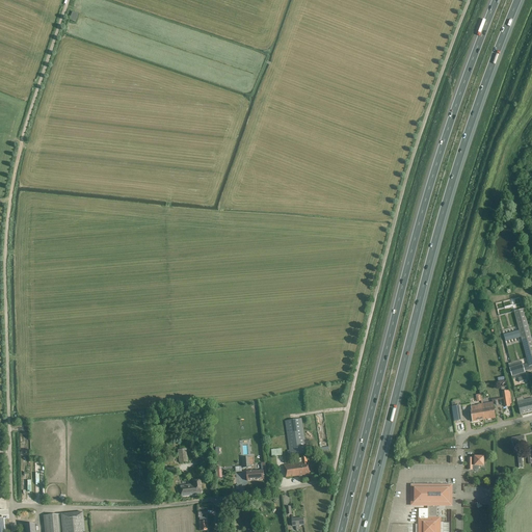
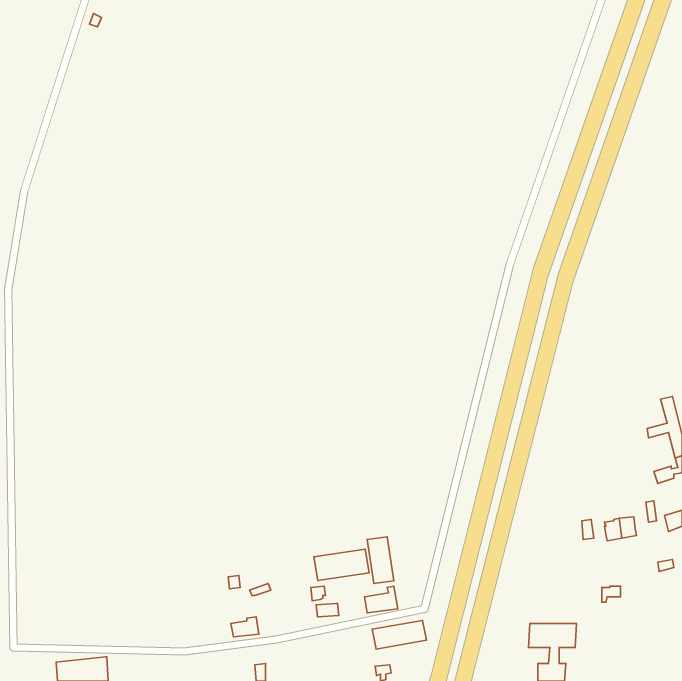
building: none -> [314,549,369,581]
building: none -> [372,620,426,649]

